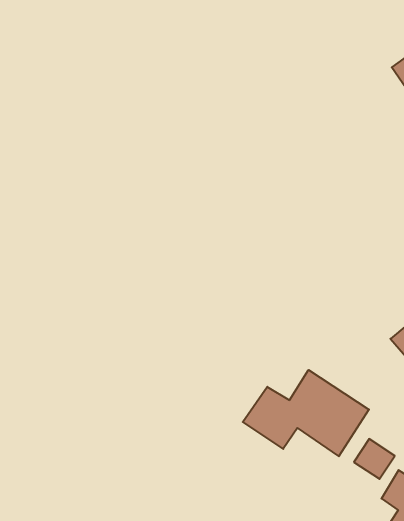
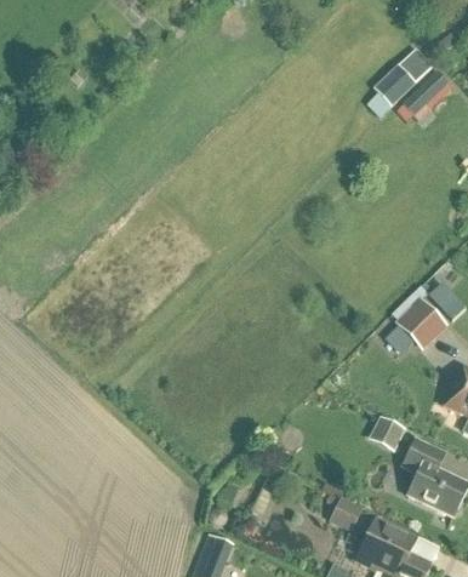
building: [243,370,369,456] -> none

